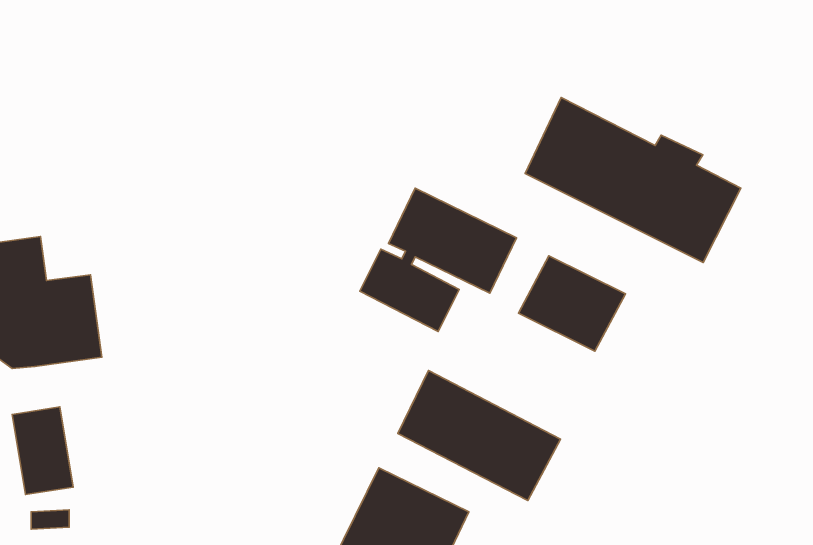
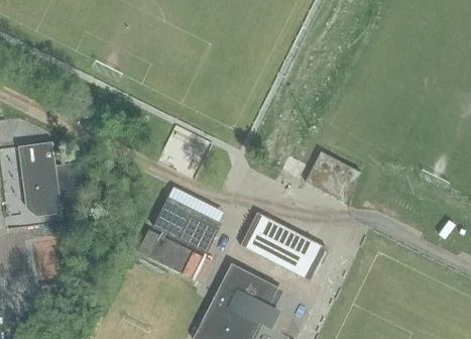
building: [525,97,741,263] -> none
building: [360,188,516,331] -> [137,198,220,273]

